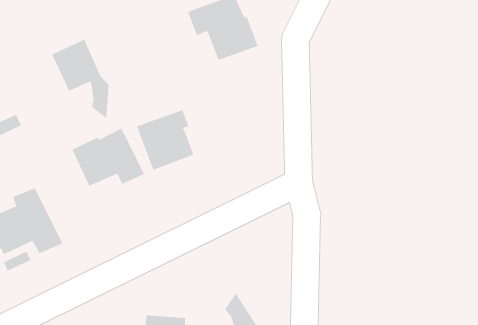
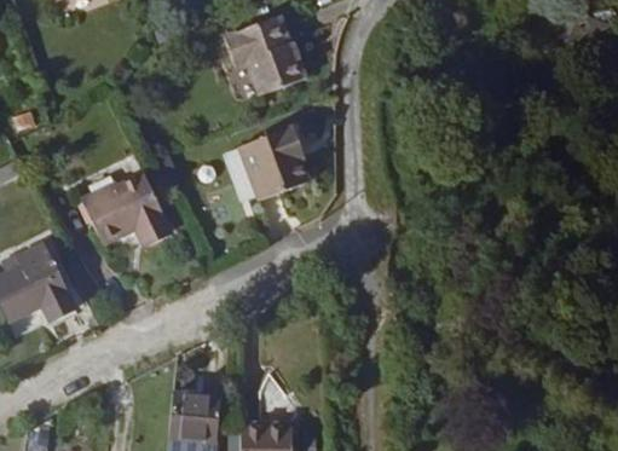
building: [52,39,109,119] -> none
building: [136,109,194,170] -> [238,129,306,201]

